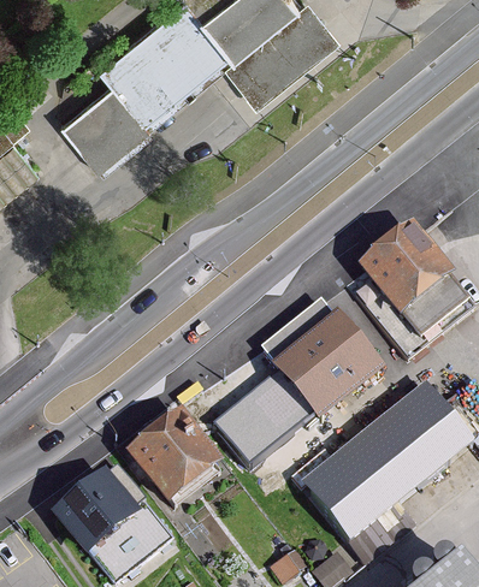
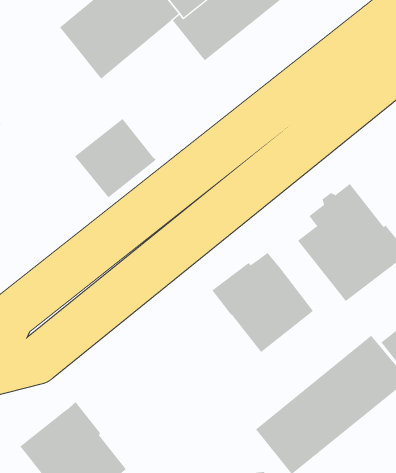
building: [58,78,146,164] -> [74,118,157,198]
building: [214,372,314,466] -> none
building: [132,416,214,498] -> none

